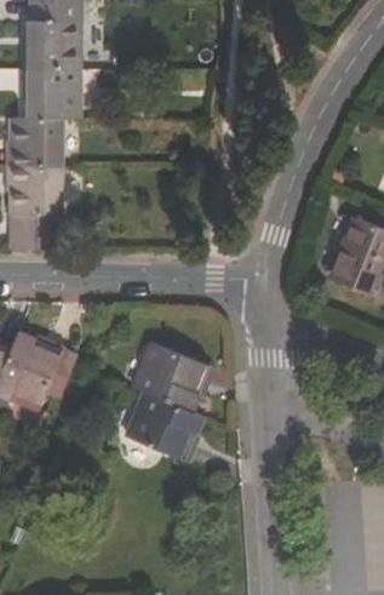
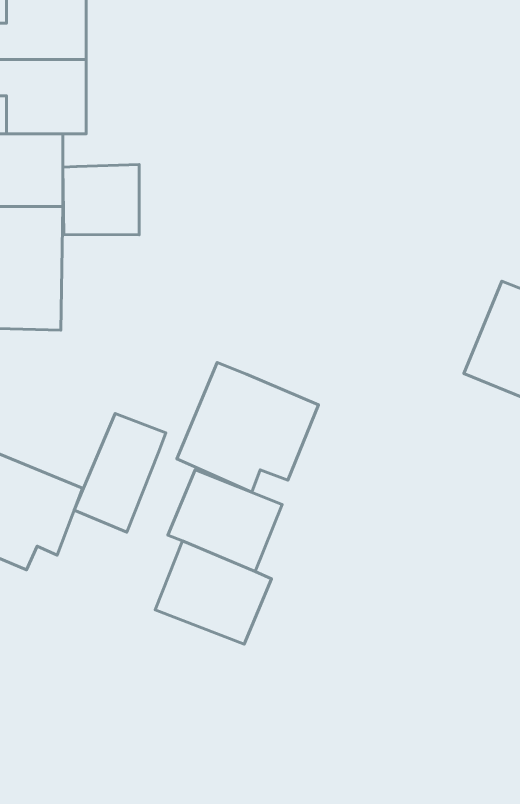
building: none -> [63,164,139,235]
building: none -> [177,362,318,492]
building: none -> [74,413,166,532]

